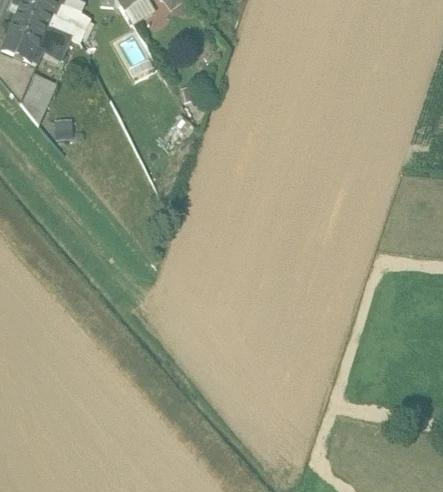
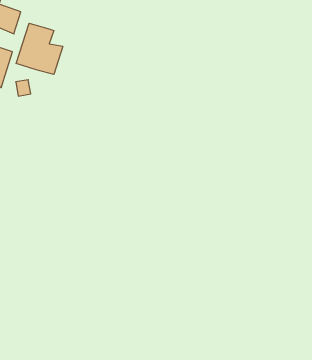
building: none -> [16,23,63,74]

